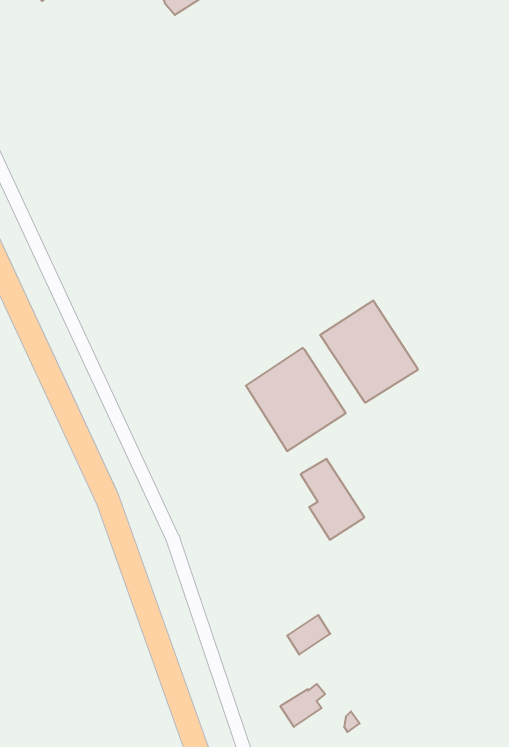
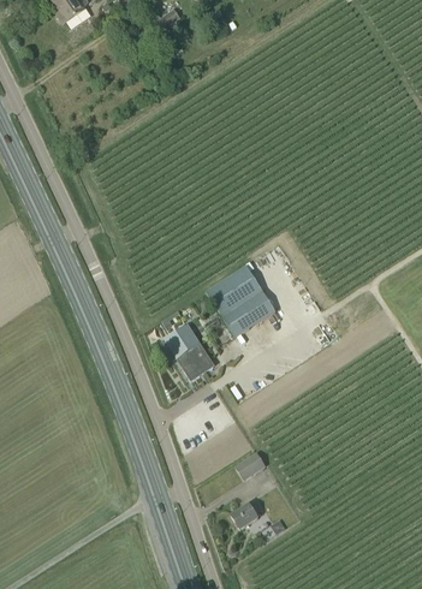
building: [320,300,418,403] -> none
building: [301,459,364,540] -> [170,323,214,380]

